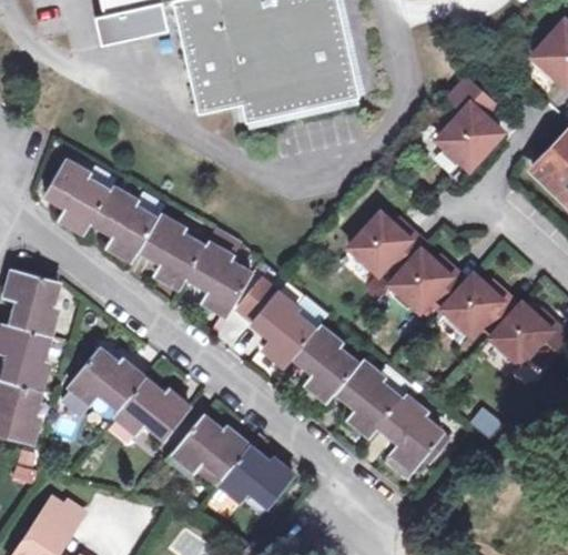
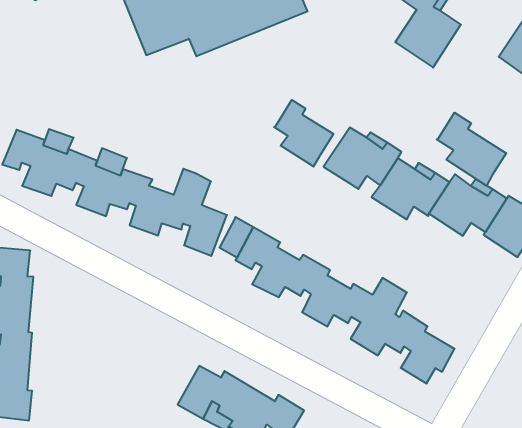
building: none -> [274,100,333,167]
building: none -> [437,113,506,186]
building: [69,349,189,437] -> none

